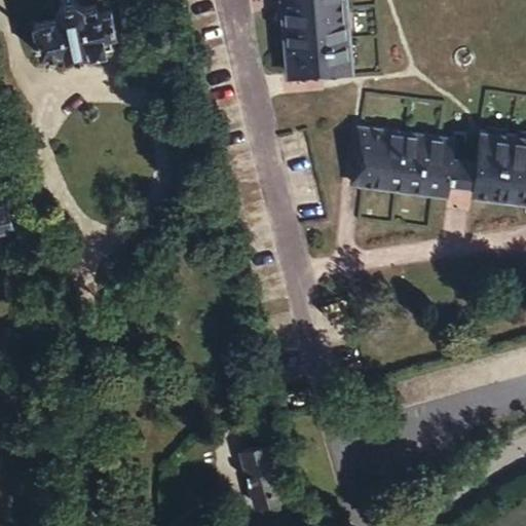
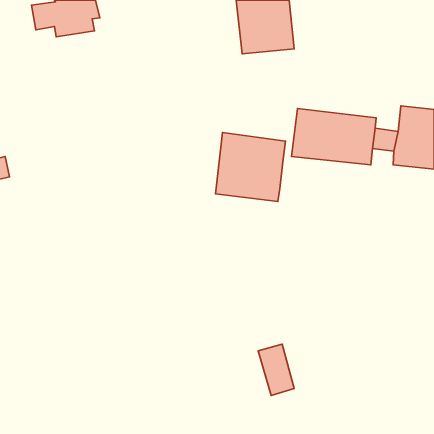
building: none -> [215,132,285,201]
building: [241,447,285,509] -> [258,344,294,395]

